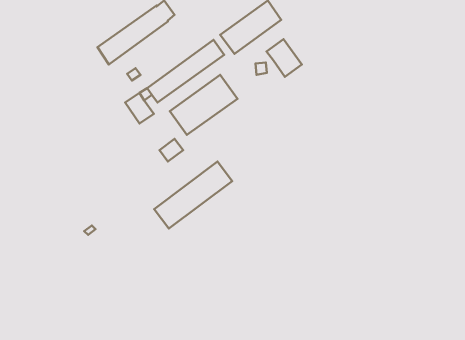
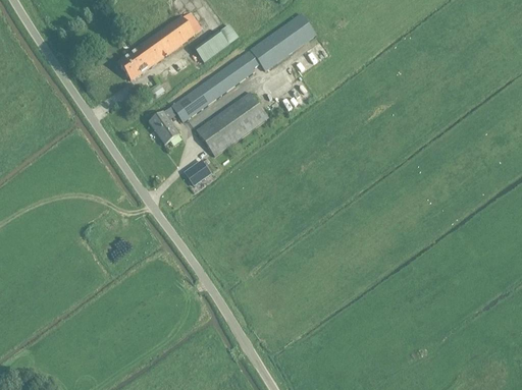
building: none -> [196,31,230,62]
building: [267,39,302,77] -> none
building: [154,162,232,229] -> none

